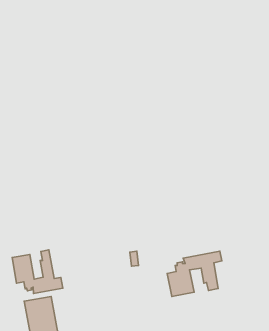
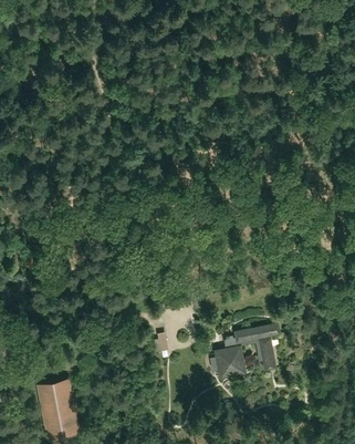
building: [12,250,63,293] -> none

